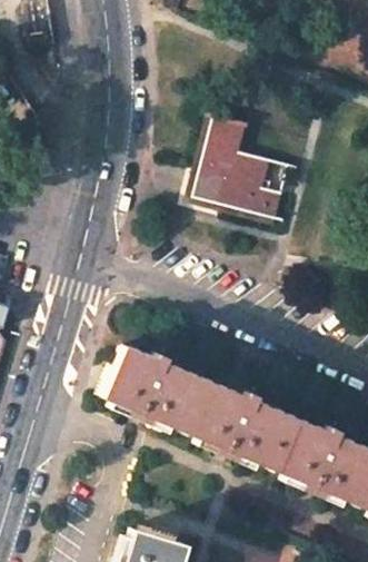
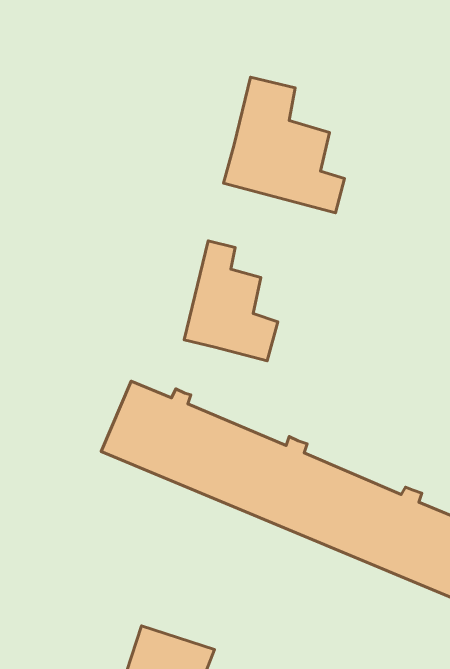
building: none -> [184,241,278,361]

